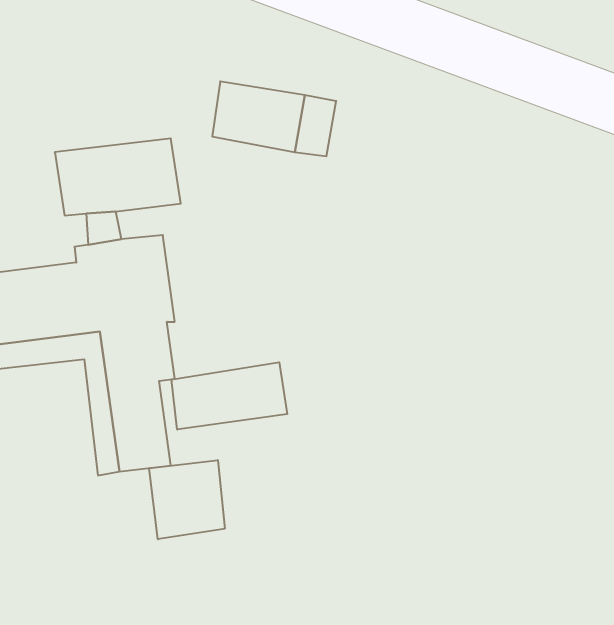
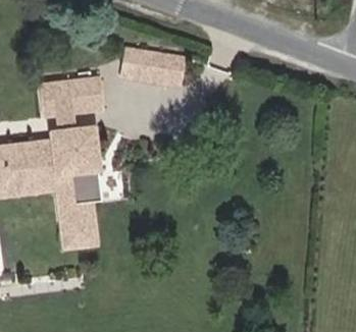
building: [172,362,287,430] -> none
building: [149,460,225,539] -> none

